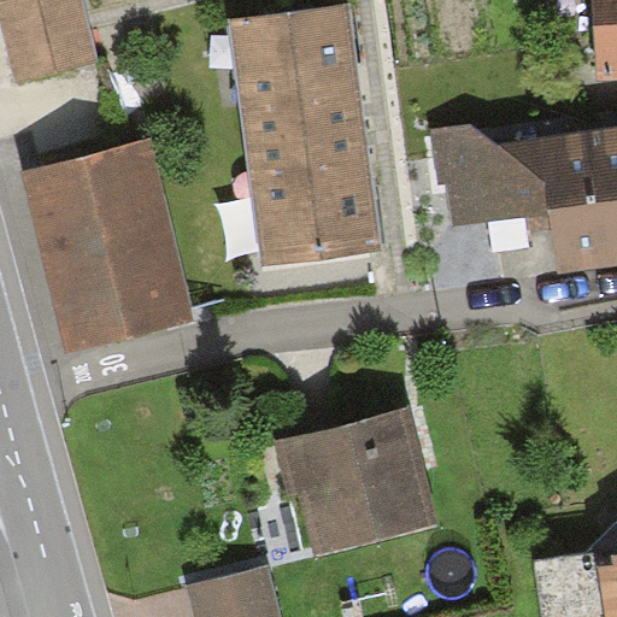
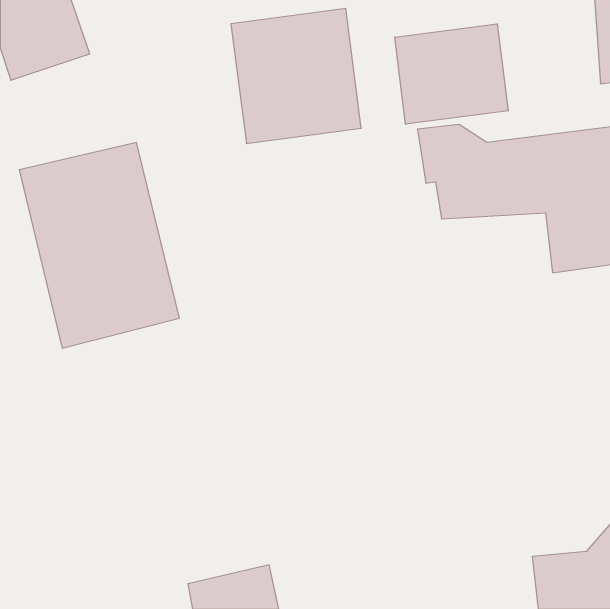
building: none -> [395,24,508,124]
building: [249,129,381,266] -> none
building: [281,413,435,550] -> none

